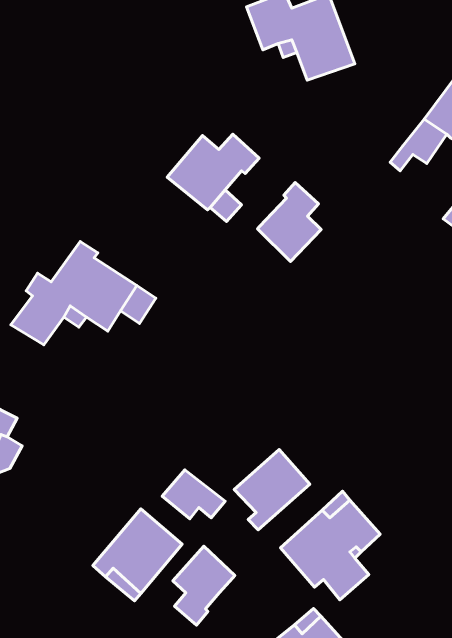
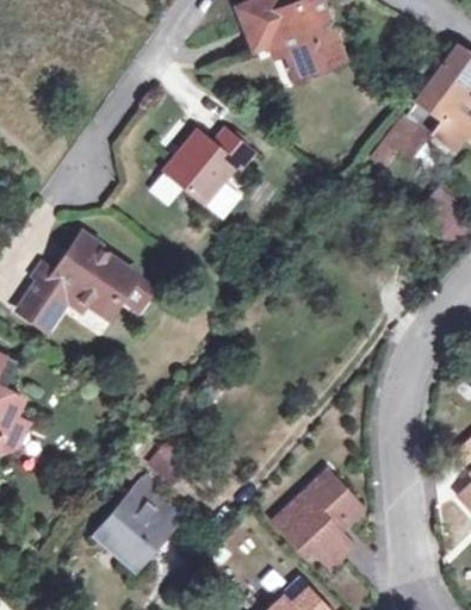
building: [258,183,321,261] -> none
building: [234,450,310,530] -> none
building: [173,546,235,625] -> none

